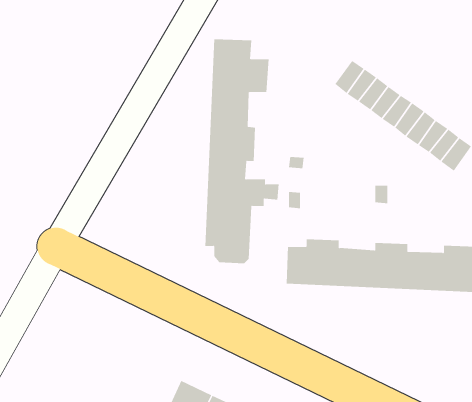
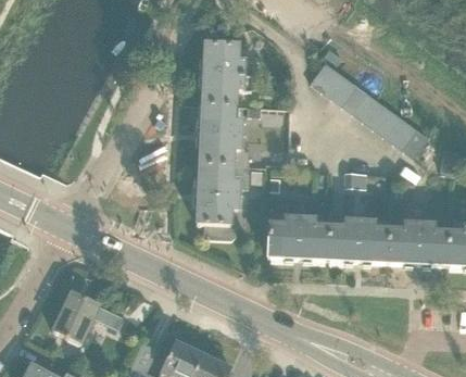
building: none -> [52,290,123,342]

